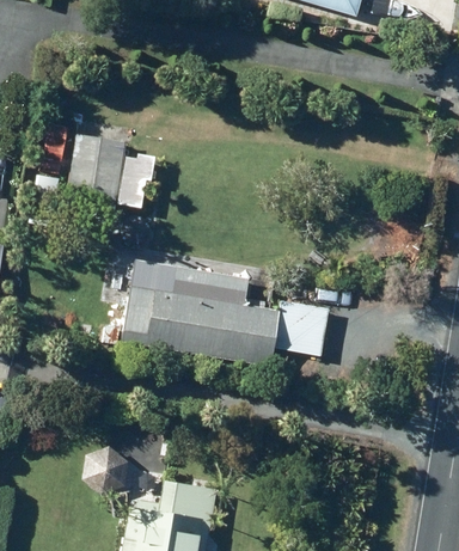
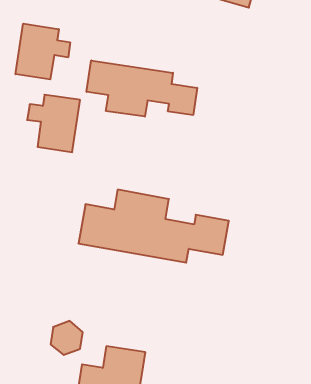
building: none -> [16,24,70,79]
building: none -> [87,60,197,117]

